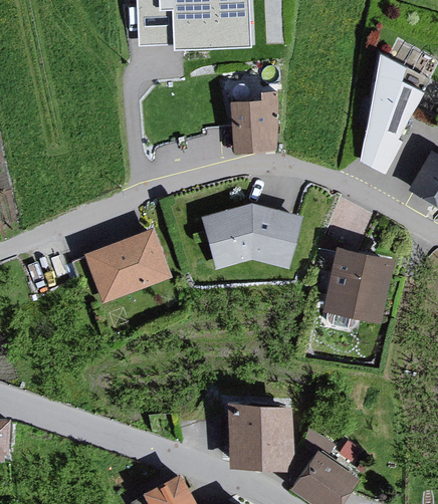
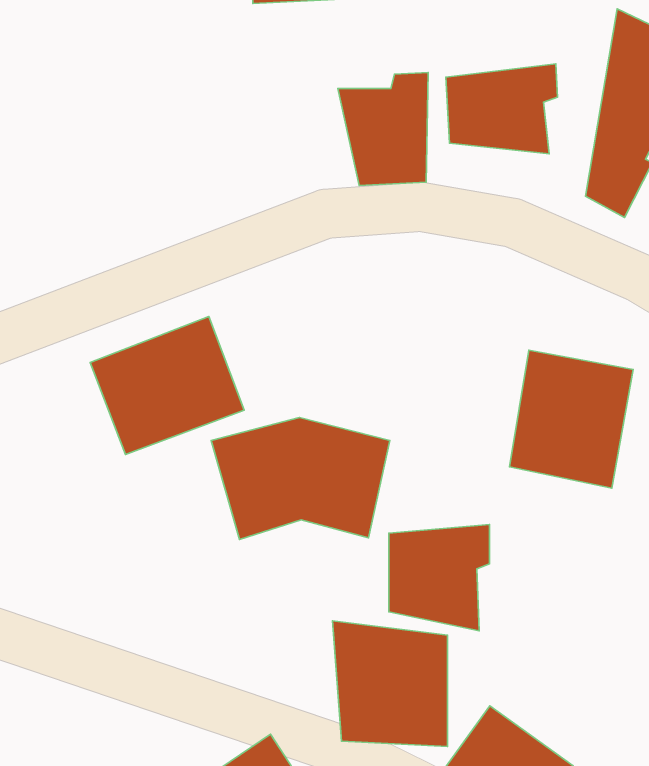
building: none -> [446,64,557,154]
building: [200,203,301,272] -> [211,417,390,539]
building: none -> [389,524,490,631]

